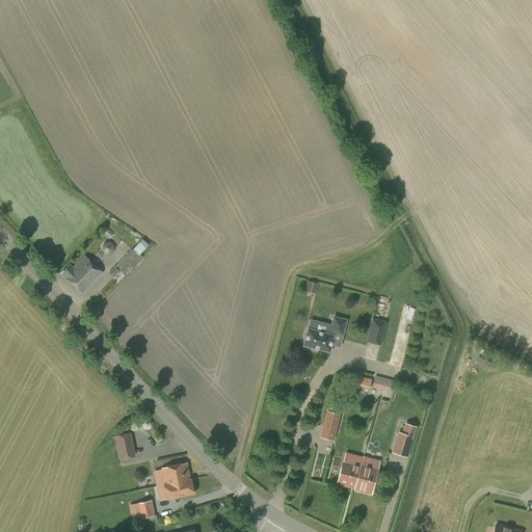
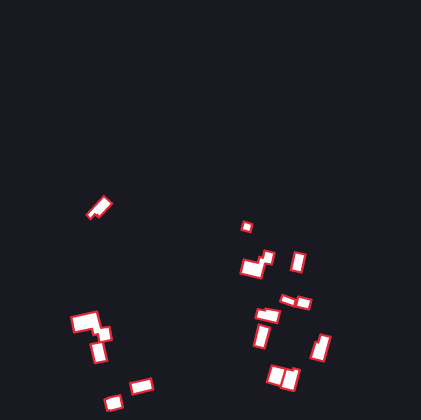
building: [61,255,102,292] -> none
building: none -> [256,308,280,323]
building: none -> [71,312,112,342]
building: [162,462,189,483] -> none

